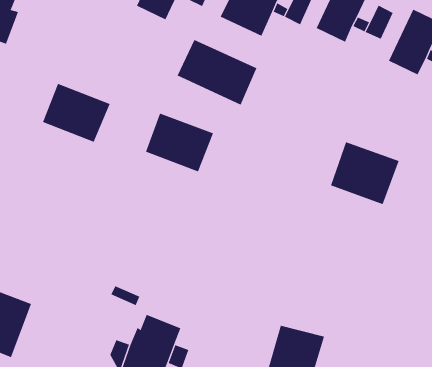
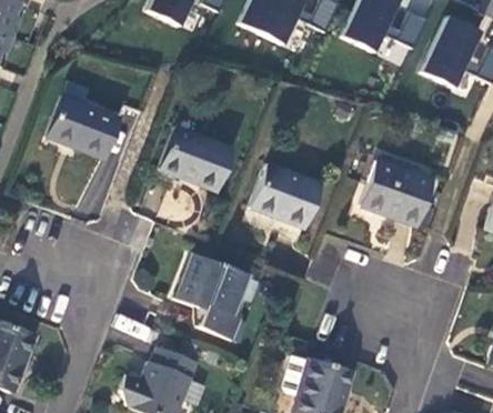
building: [177,39,257,105] -> none
building: none -> [251,161,322,228]
building: none -> [174,254,246,341]

